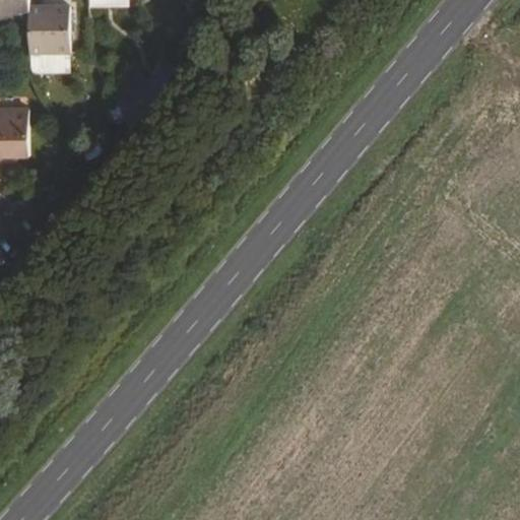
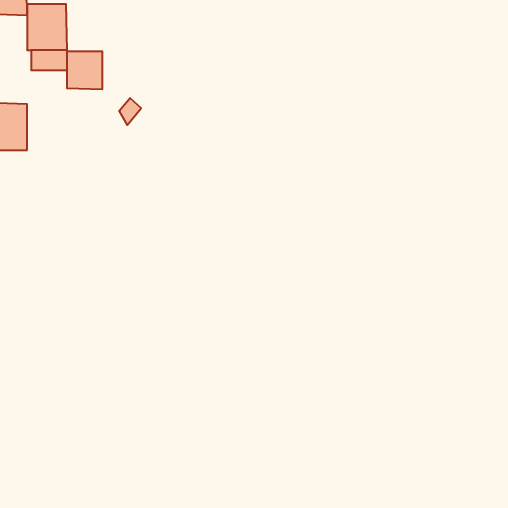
building: none -> [67,51,102,89]

